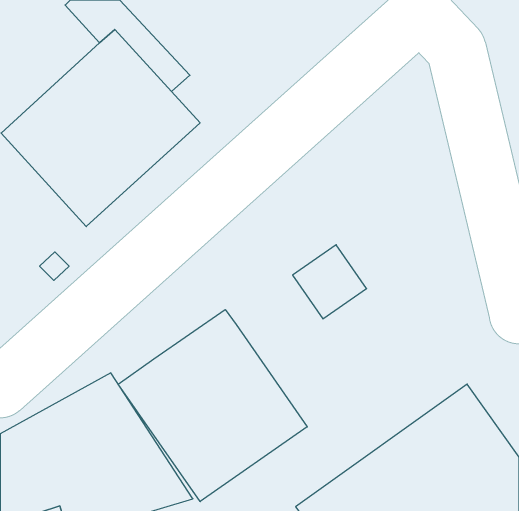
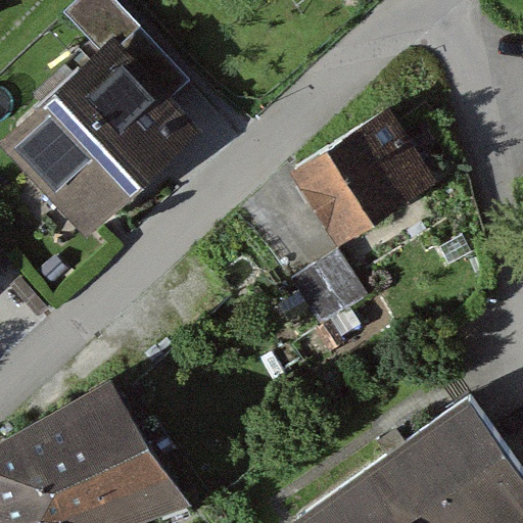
building: none -> [294,110,431,237]
building: [118,310,307,502] -> none

